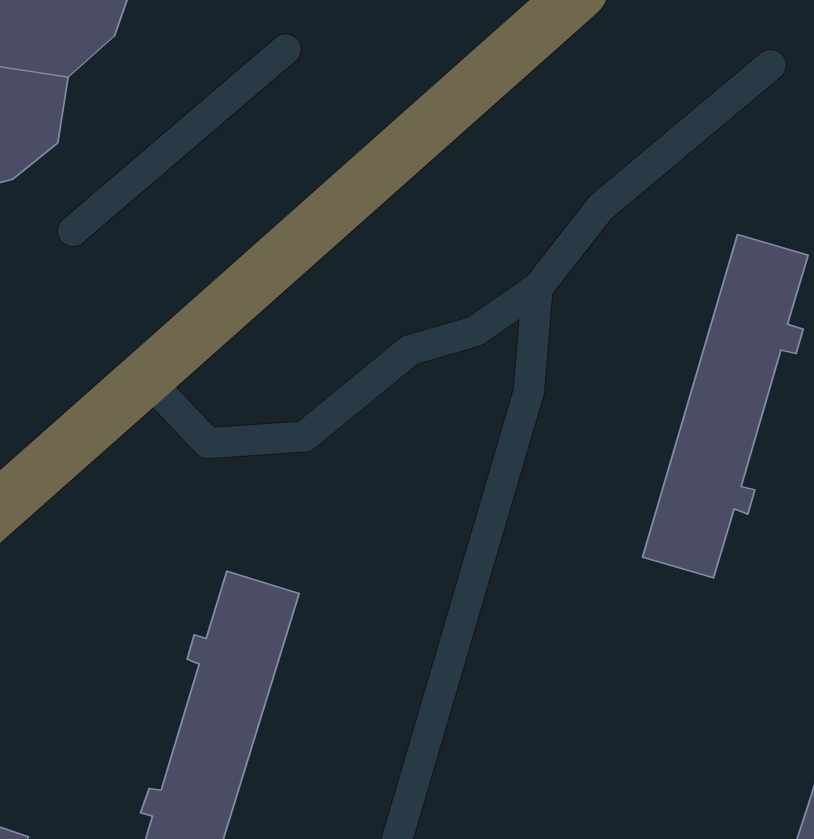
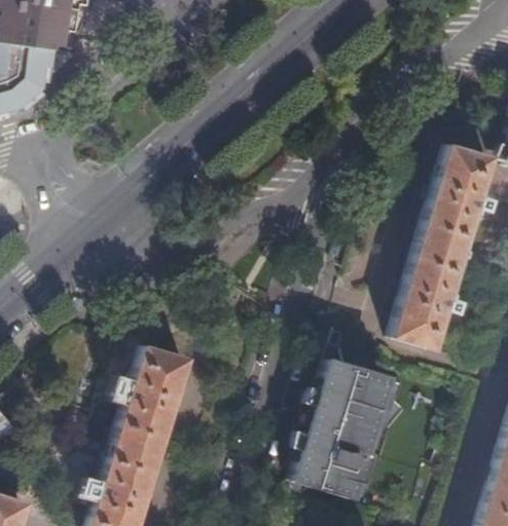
building: none -> [288,329,409,498]

